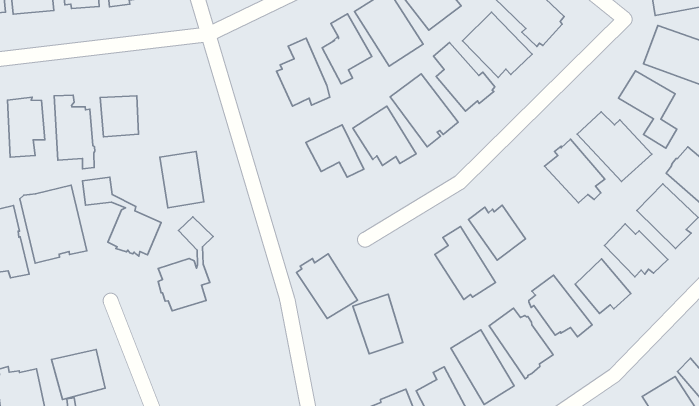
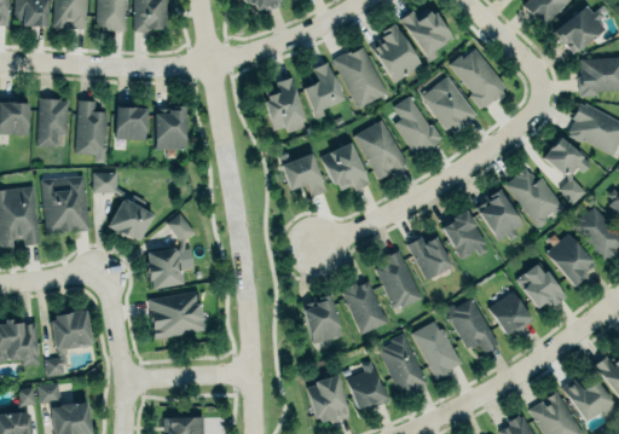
building: [160,151,204,208] -> [155,106,186,150]
building: none -> [441,212,488,260]
building: [297,254,357,319] -> [341,280,388,334]
building: none -> [147,290,204,338]

